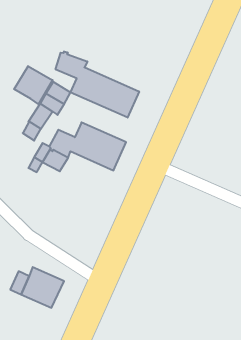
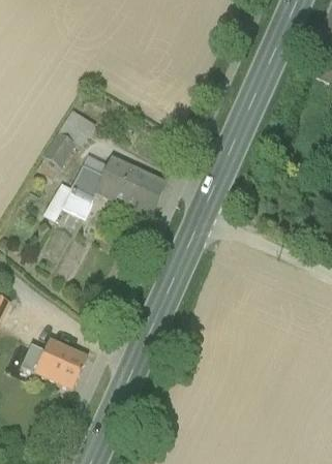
building: [56,51,139,118] -> none
building: [14,66,53,104] -> none

